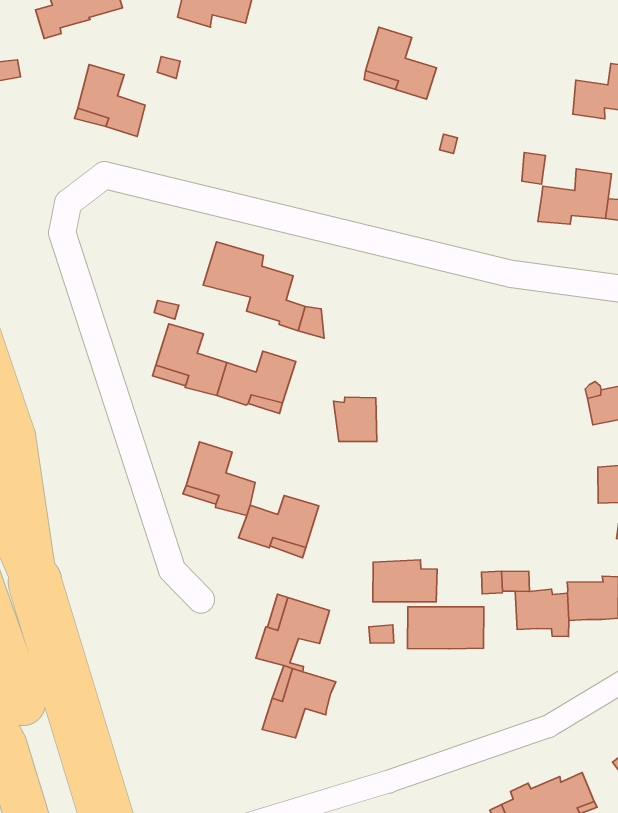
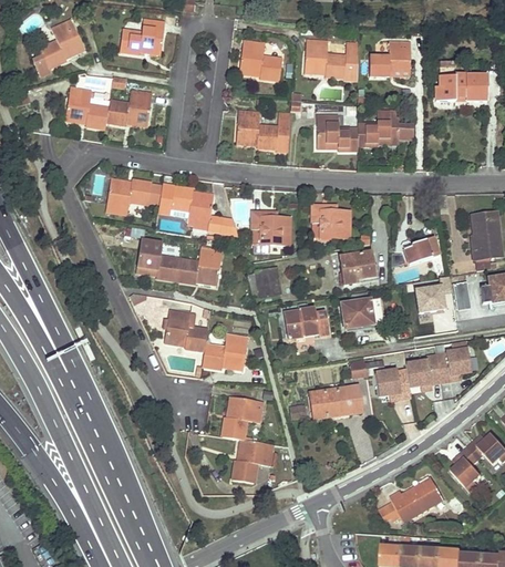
building: none -> [305,40,347,78]
building: none -> [107,91,153,125]
building: none -> [237,111,291,151]
building: none -> [317,115,358,151]
building: none -> [105,179,152,214]
building: none -> [252,212,289,245]
building: none -> [311,205,350,237]
building: none -> [340,251,374,284]
building: none -> [341,297,384,329]
building: [373,560,437,602] -> [286,307,328,337]

